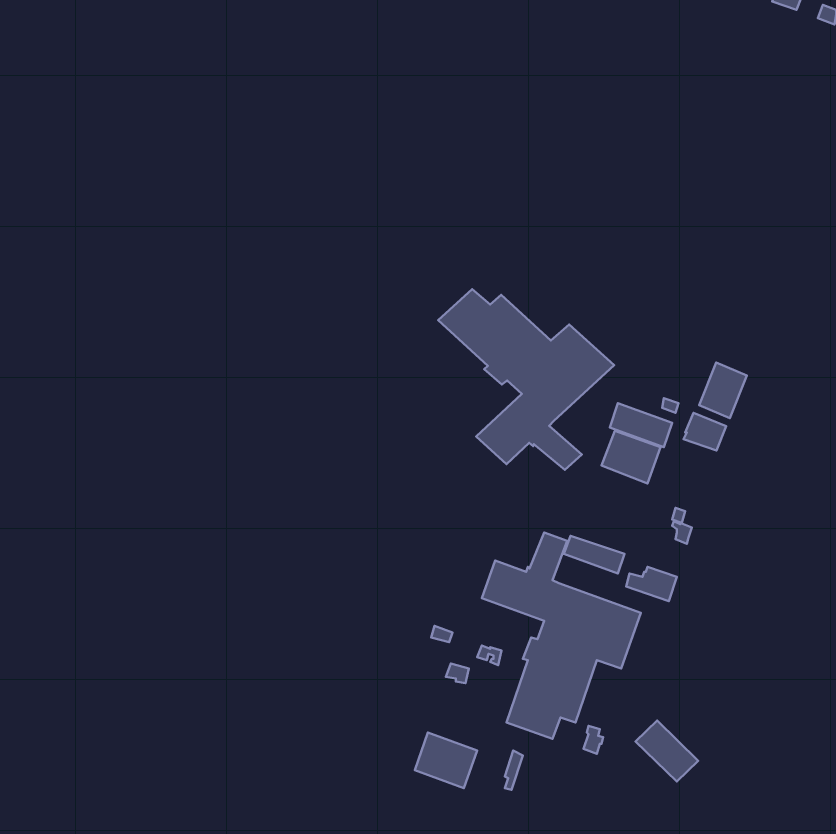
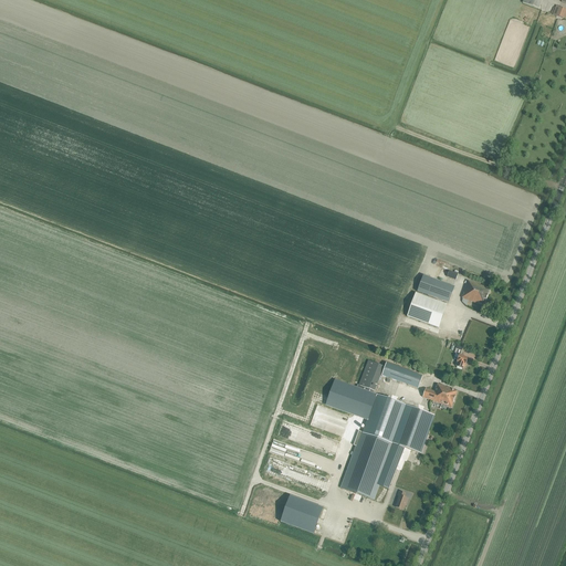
building: [438,289,614,470] -> none
building: [699,363,747,418] -> none
building: [636,720,698,782] -> none

